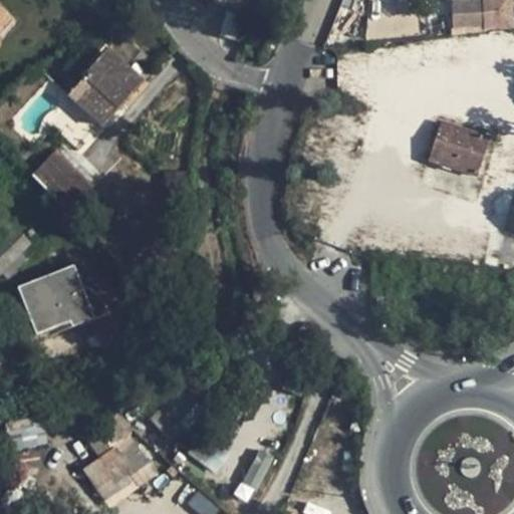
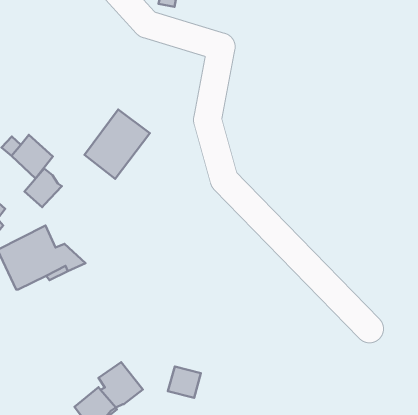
building: [67,48,141,123] -> [85,109,150,179]
building: [431,122,488,174] -> none
building: none -> [25,169,62,207]

